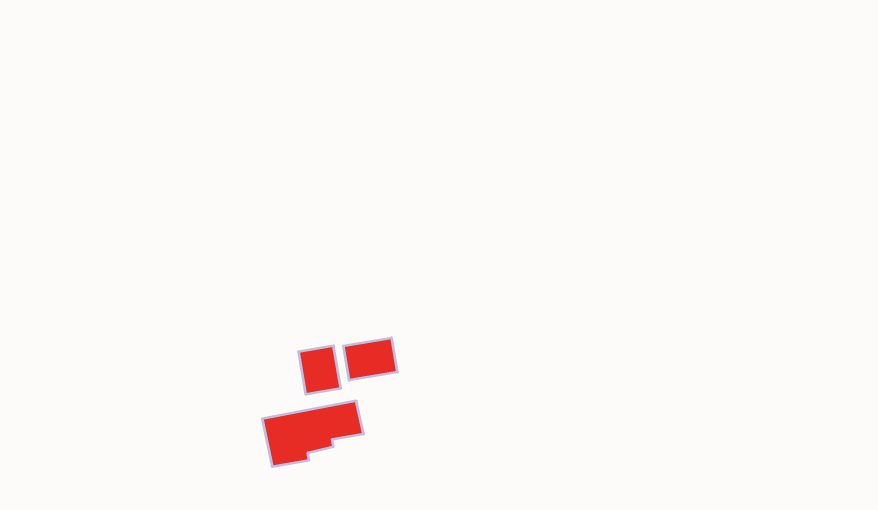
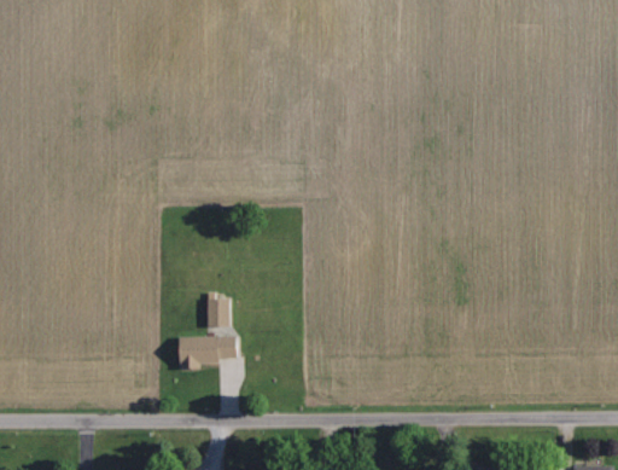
building: [343,338,397,380] -> none

